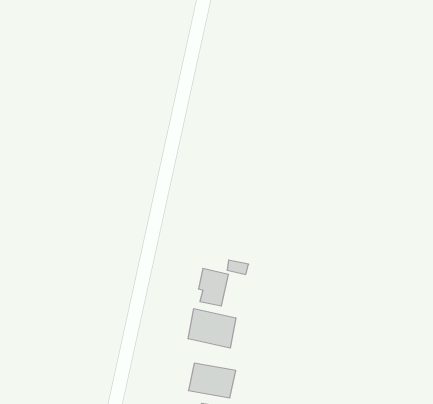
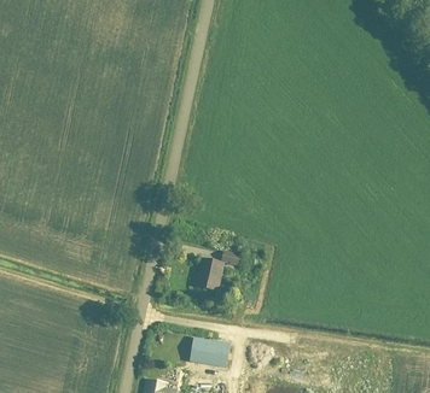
building: [188,309,236,348] -> none

